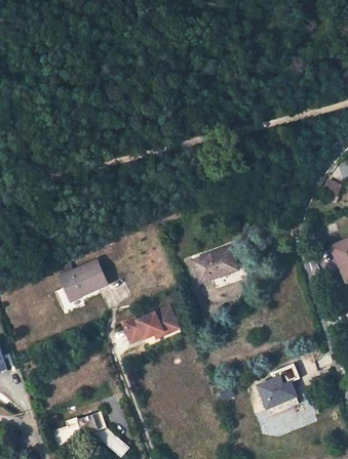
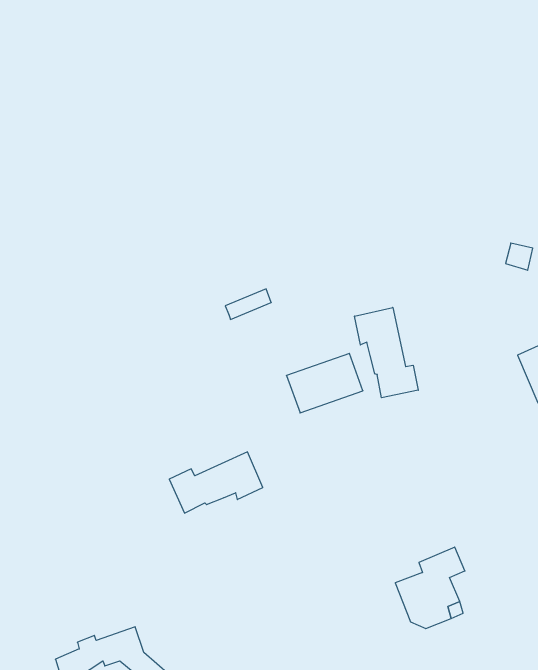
building: none -> [355,307,418,398]
building: [59,259,107,296] -> none

